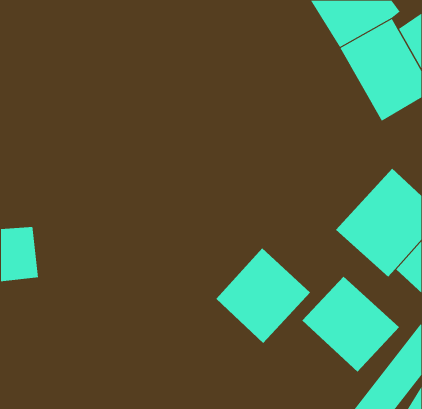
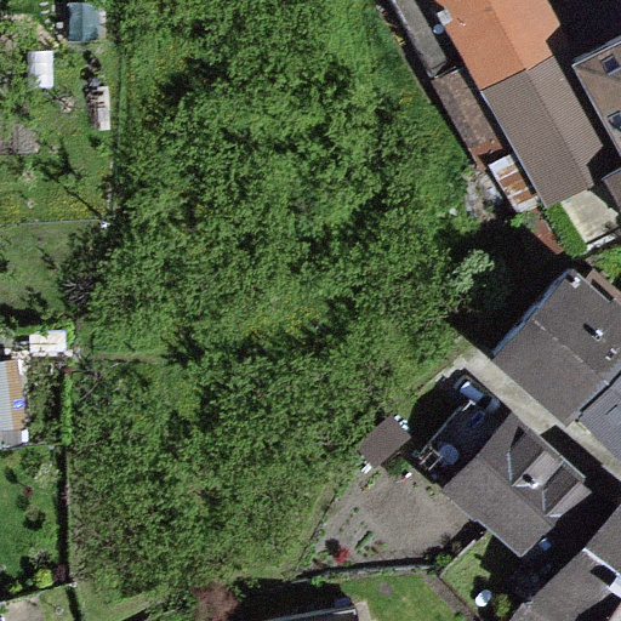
building: [215,248,311,344] -> none

